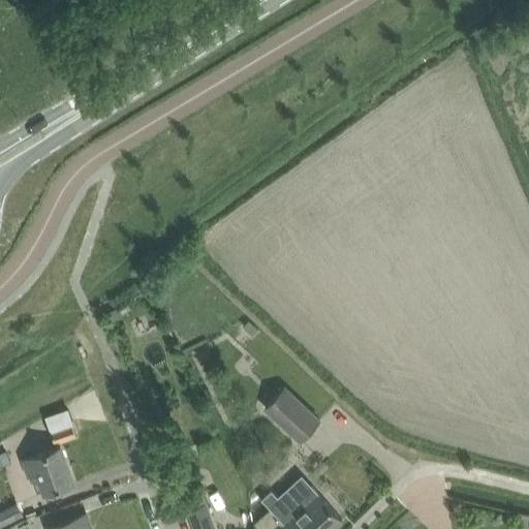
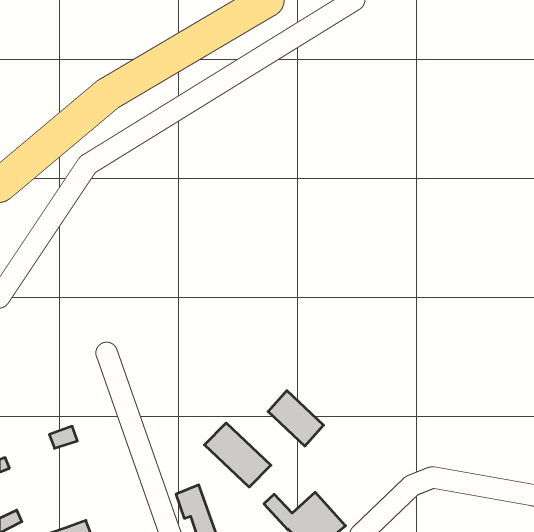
building: none -> [204,423,271,487]
building: [23,448,72,494] -> none

